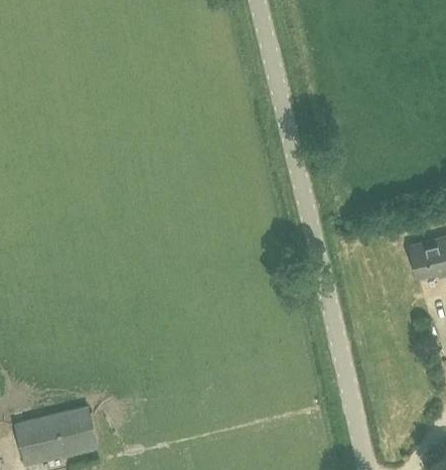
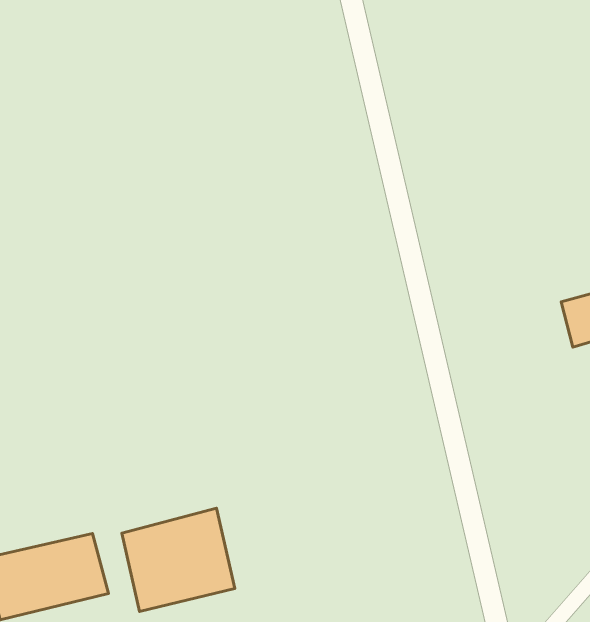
building: none -> [122,508,235,612]

